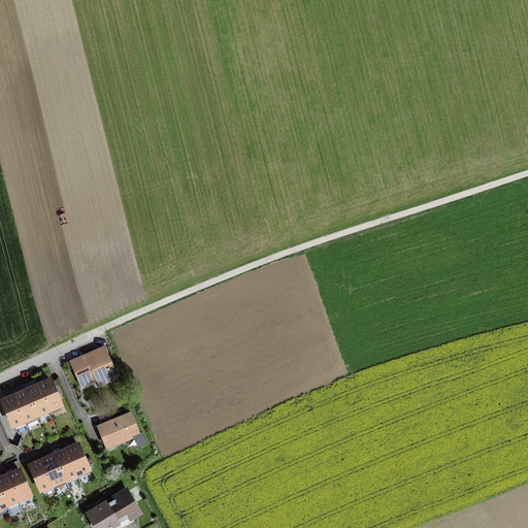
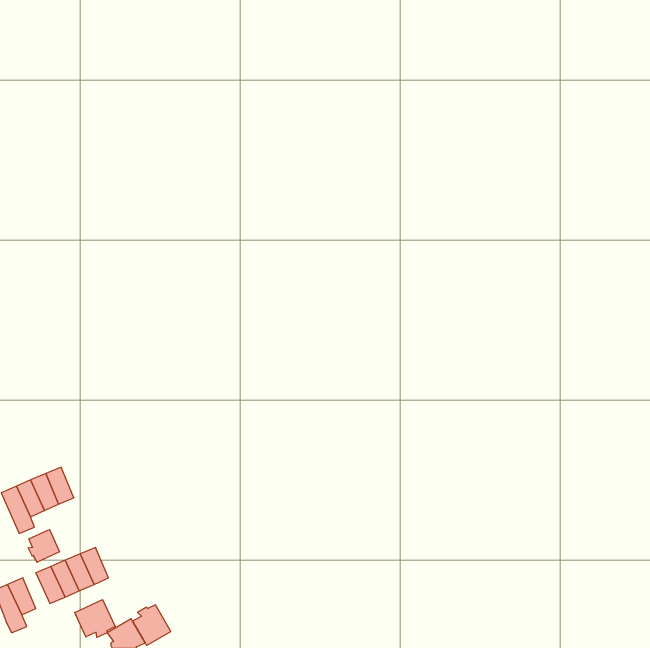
building: [70,344,113,384] -> none
building: [97,411,138,446] -> none
building: none -> [28,530,60,562]
building: none -> [75,600,115,637]

